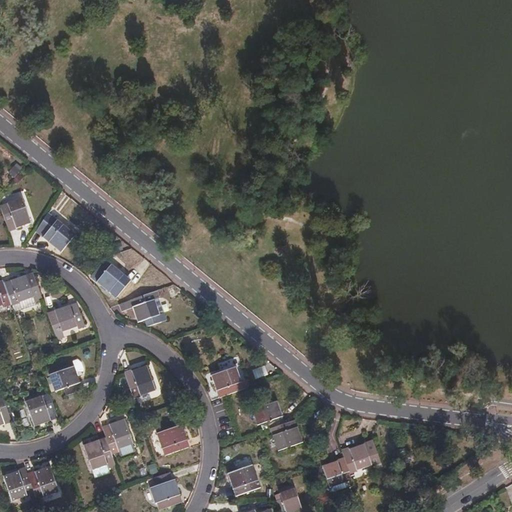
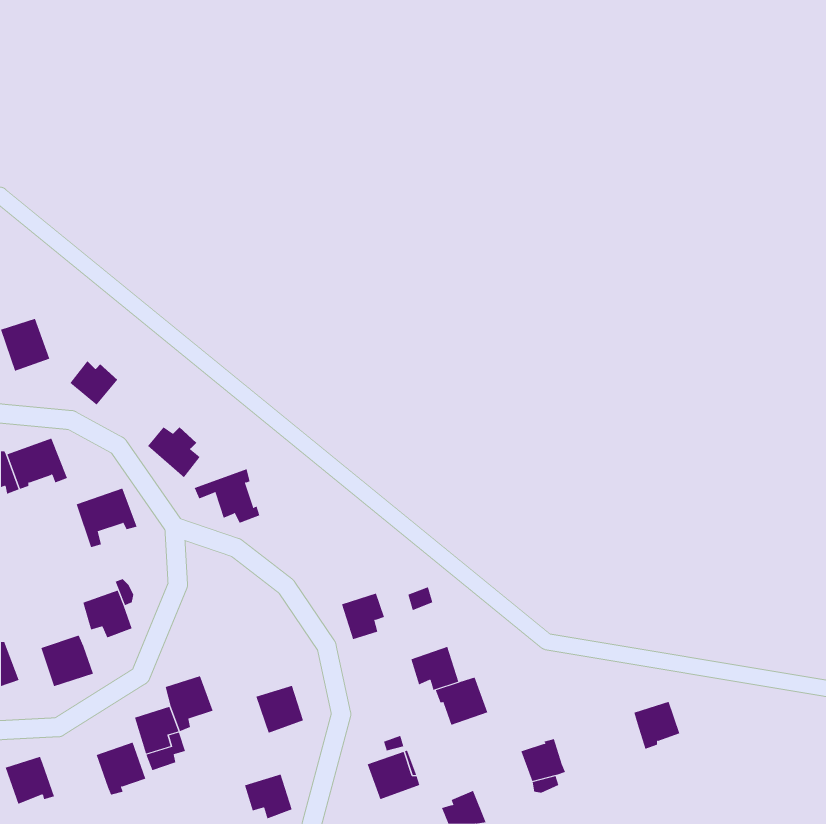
building: [124,365,154,395] -> none
building: [341,443,370,473] -> [633,701,680,750]
building: [27,465,58,498] -> [96,742,146,795]

